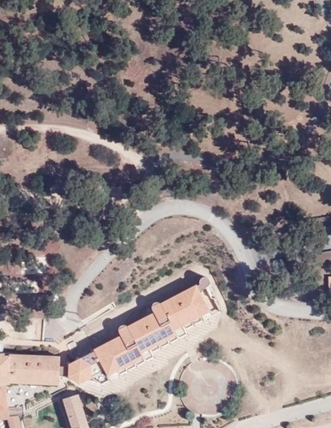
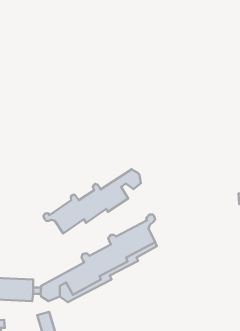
building: none -> [43,169,141,233]

